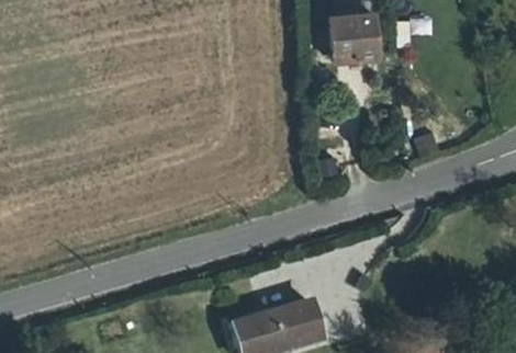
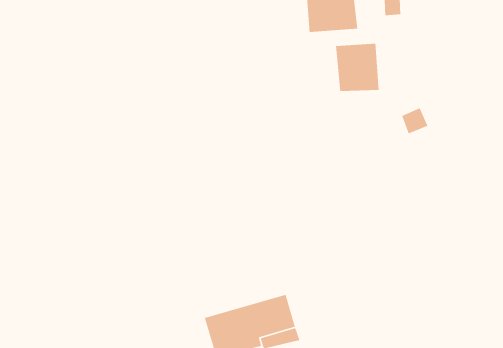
building: none -> [335,43,380,92]

